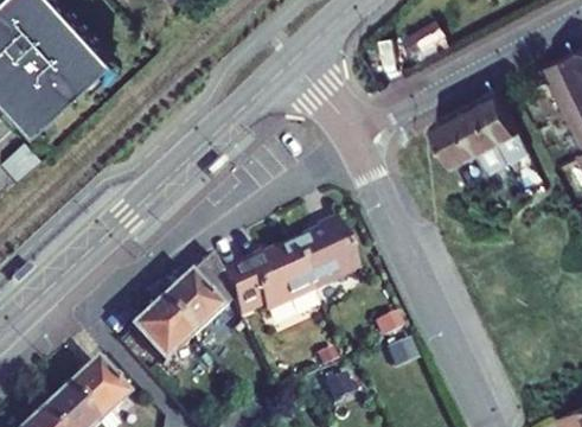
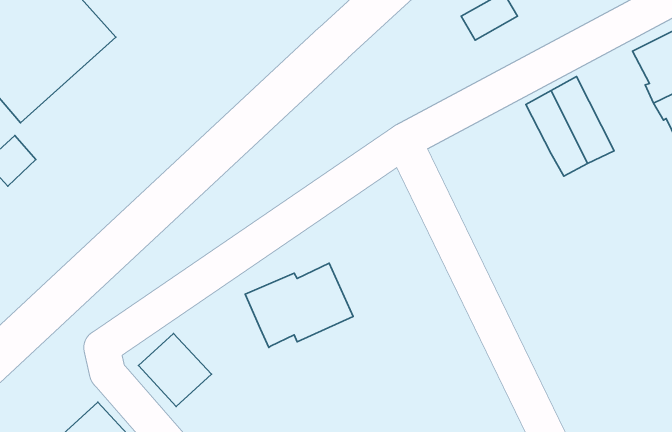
building: [433,111,475,164] -> none
building: [288,221,354,291] -> none
building: [156,255,230,339] -> none

